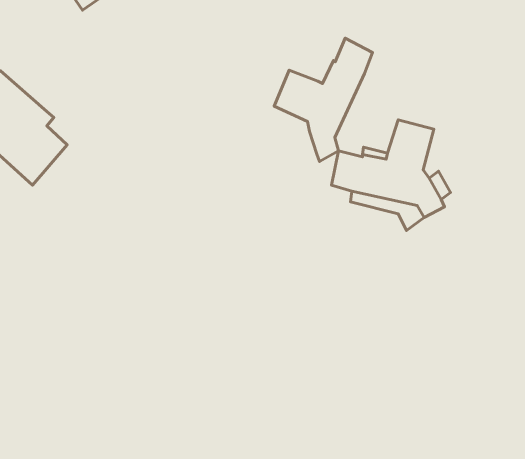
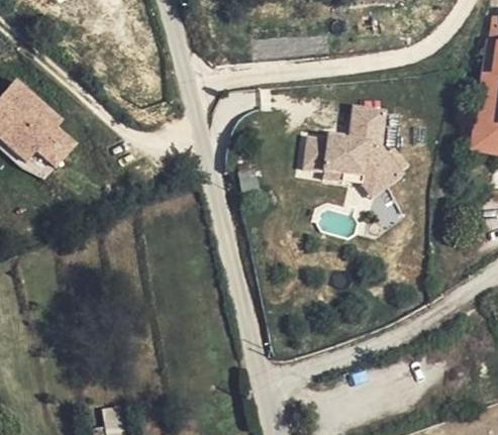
building: [274,38,373,162] -> none

